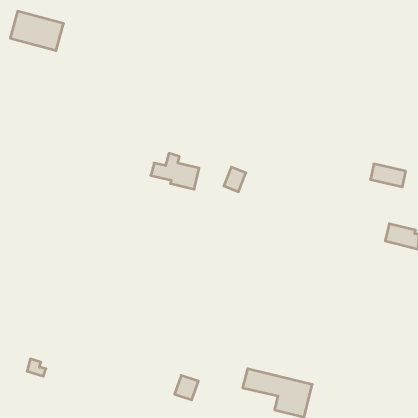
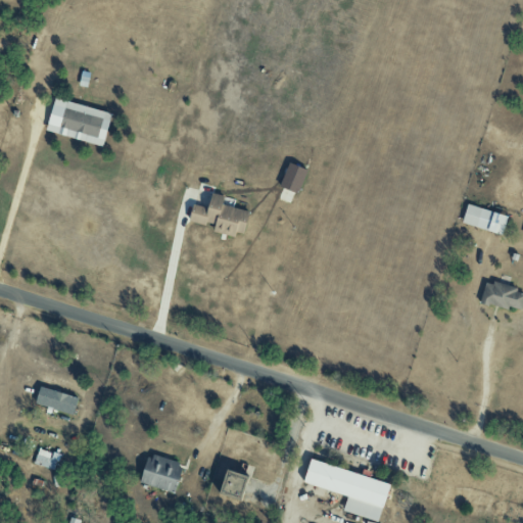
building: [10,11,64,51] -> [46,97,112,146]
building: [224,167,246,192] -> [280,161,307,192]
building: none -> [35,385,79,415]
building: none -> [140,453,183,492]

